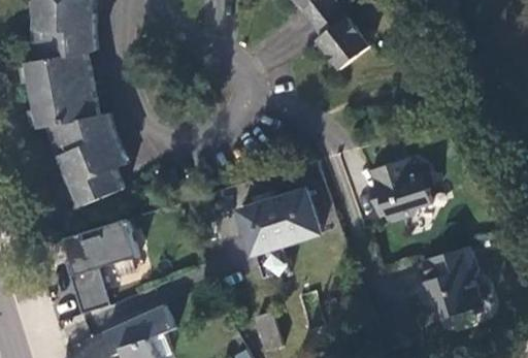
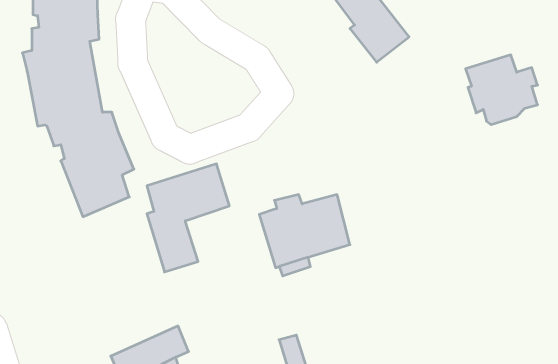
building: [368,159,432,221] -> [466,55,538,125]
building: [66,219,139,315] -> [147,164,229,272]
building: [419,243,482,316] -> none

